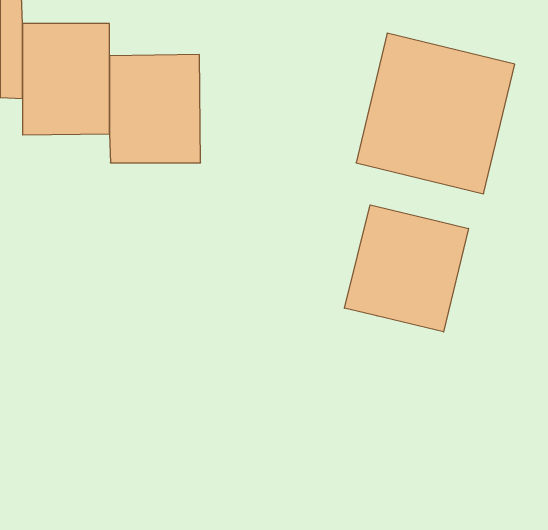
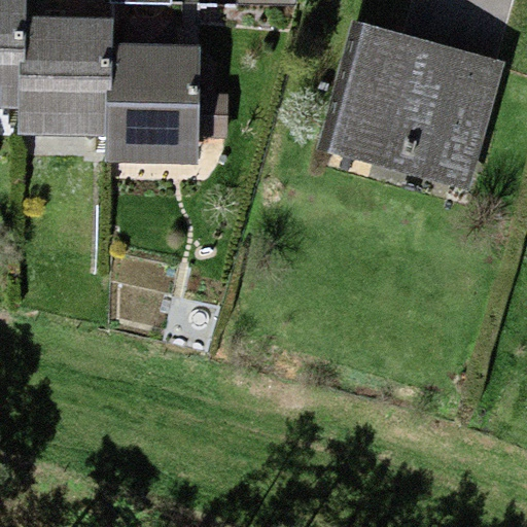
building: [344,205,468,332] -> none

